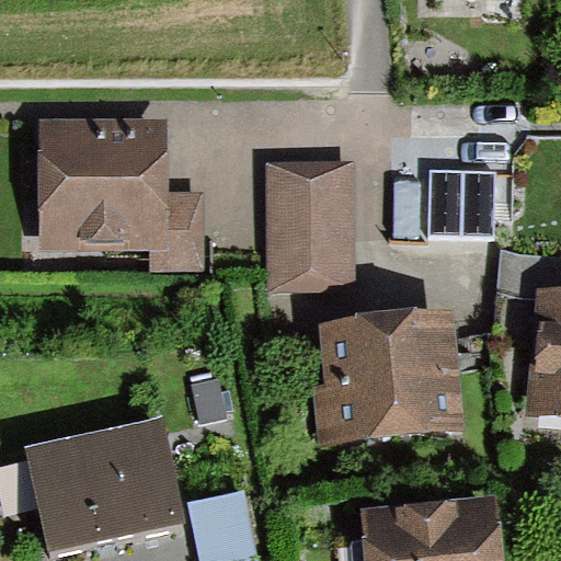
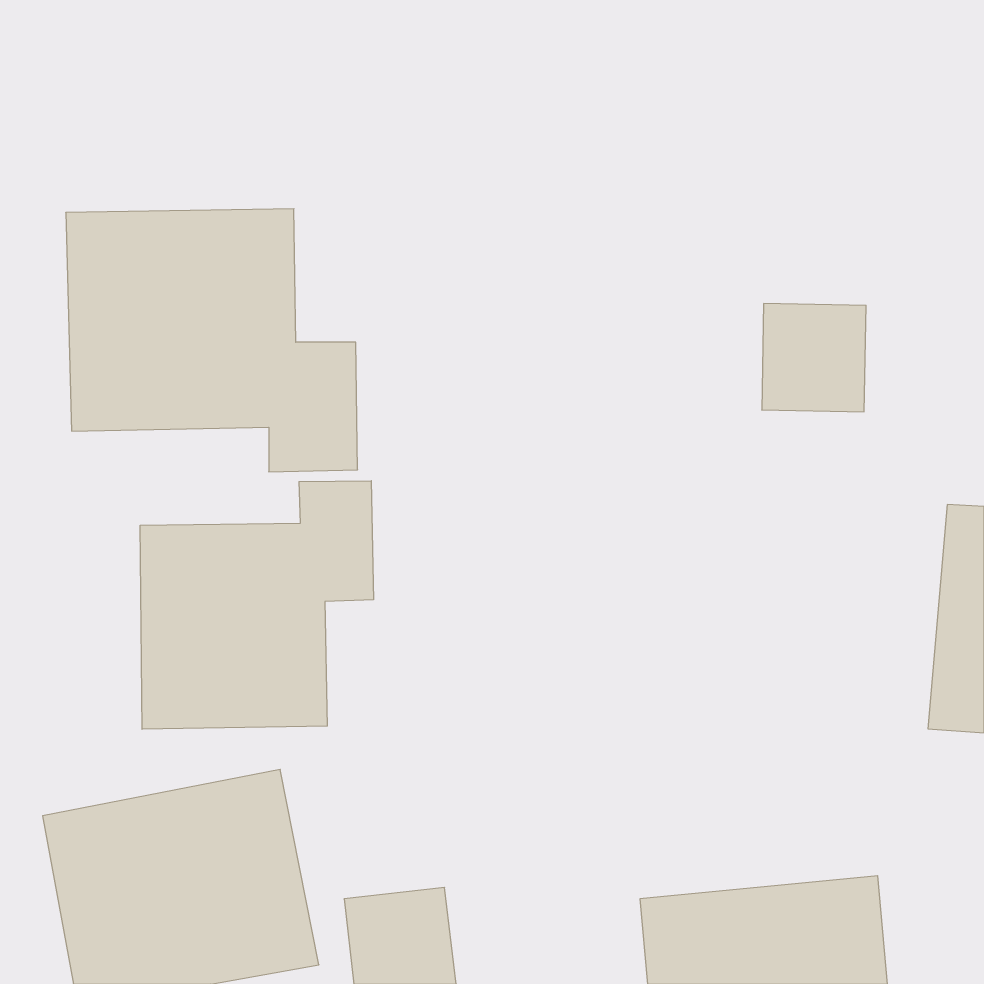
building: [266,158,355,287] -> none
building: none -> [140,481,373,729]
building: [312,309,462,443] -> none

